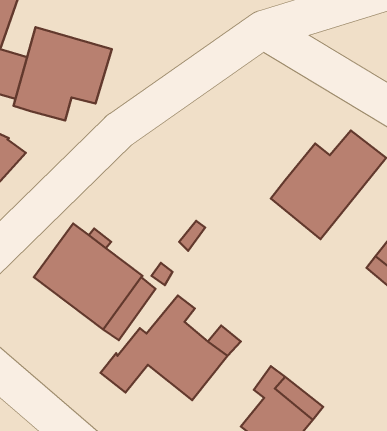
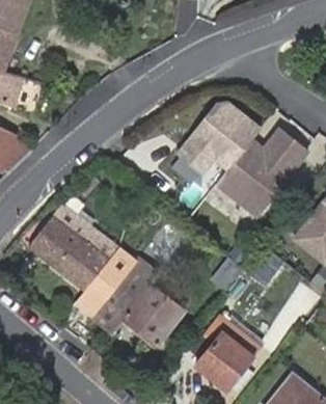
building: [14,27,112,120] -> none
building: none -> [168,89,264,173]

